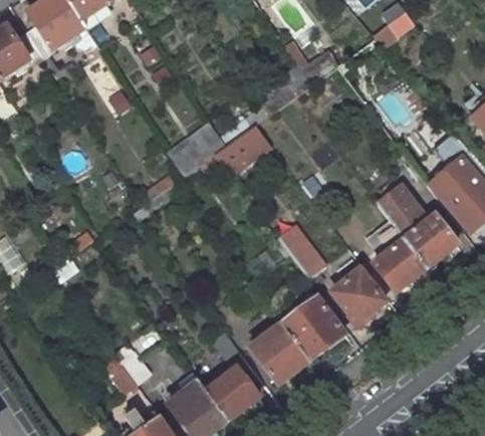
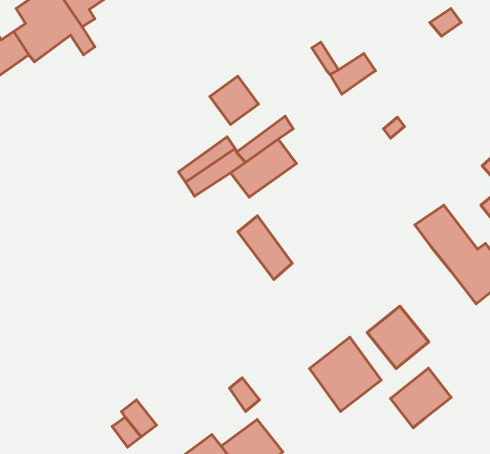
building: none -> [210,76,259,124]
building: [278,224,325,279] -> [238,216,292,279]
building: [374,239,427,291] -> none
building: none -> [391,368,451,428]
building: [251,323,309,384] -> none

